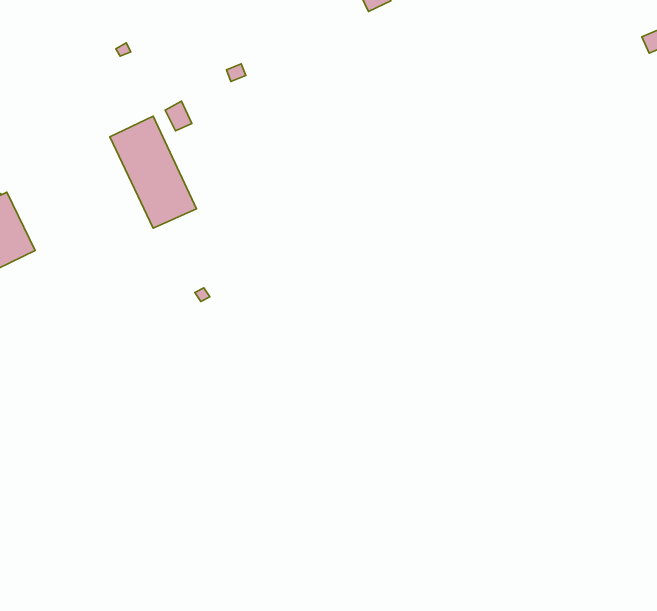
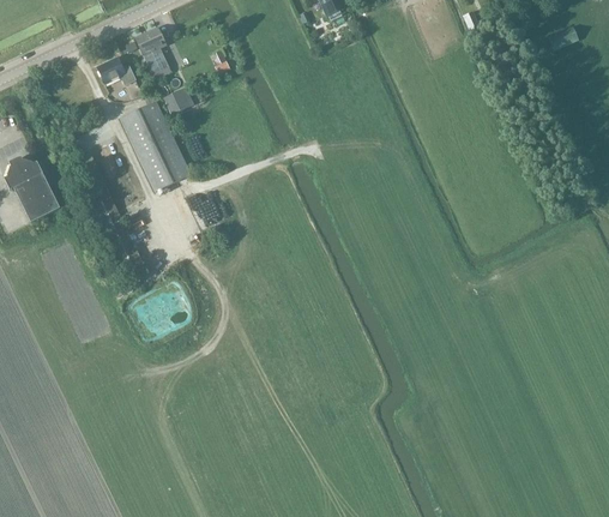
building: none -> [134,28,168,74]
building: none -> [97,58,135,85]

